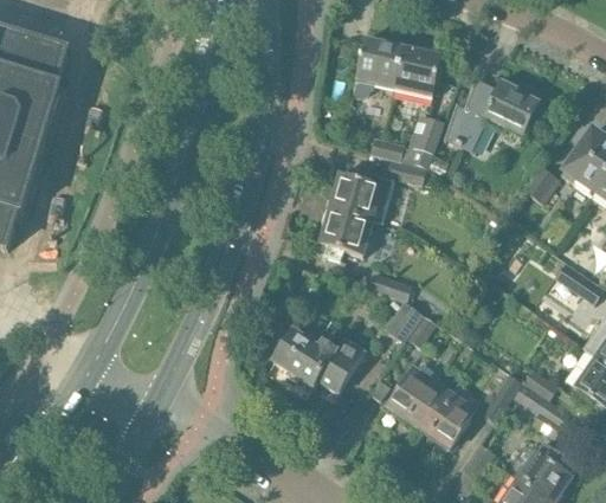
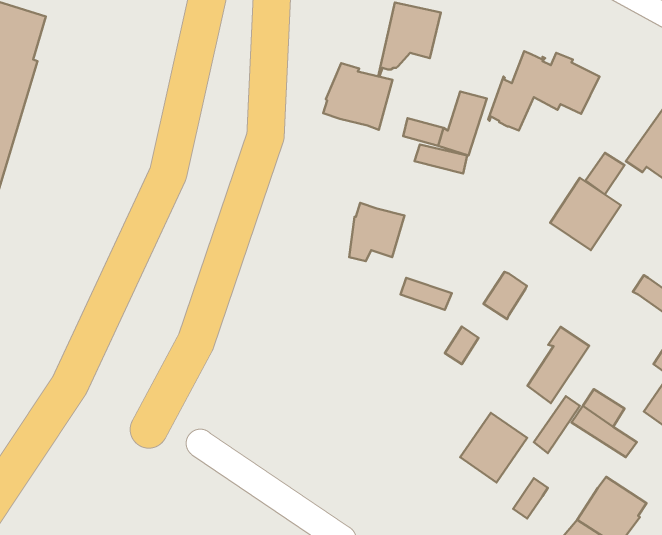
building: [393,47,441,95] -> none
building: [334,167,393,224] -> [323,63,393,130]
building: none -> [550,178,621,250]
building: [385,301,421,341] -> [484,272,527,319]
building: none -> [527,327,589,403]
building: [273,330,366,394] -> none
building: [388,367,445,426] -> none

